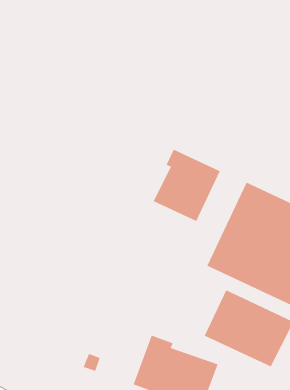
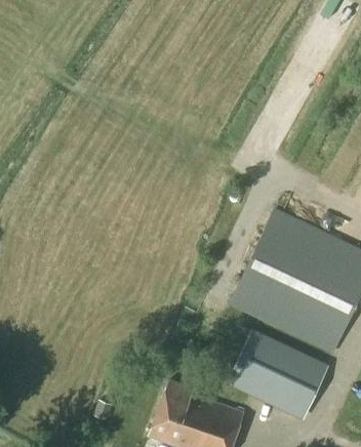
building: [153,149,220,222] -> none

